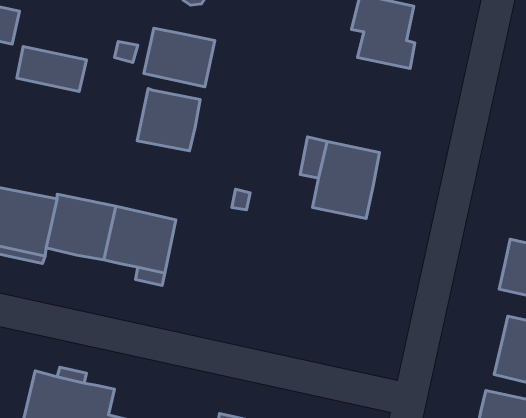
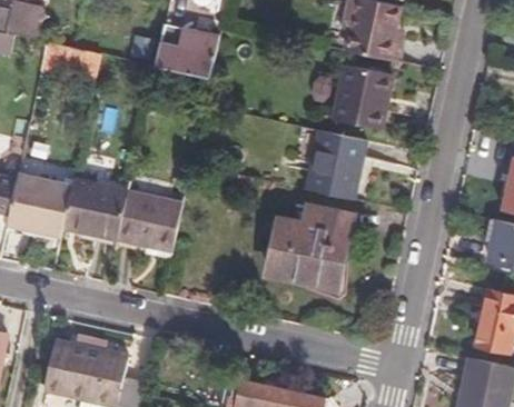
building: none -> [332,66,389,127]
building: [137,88,200,151] -> none
building: none -> [271,206,352,287]

